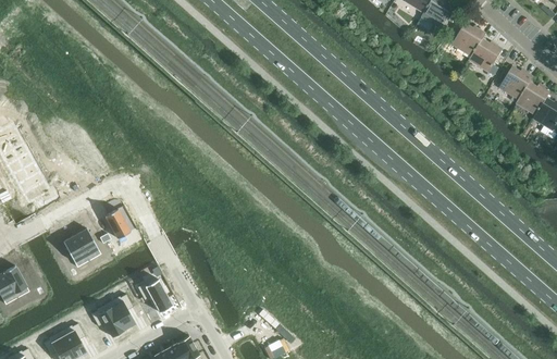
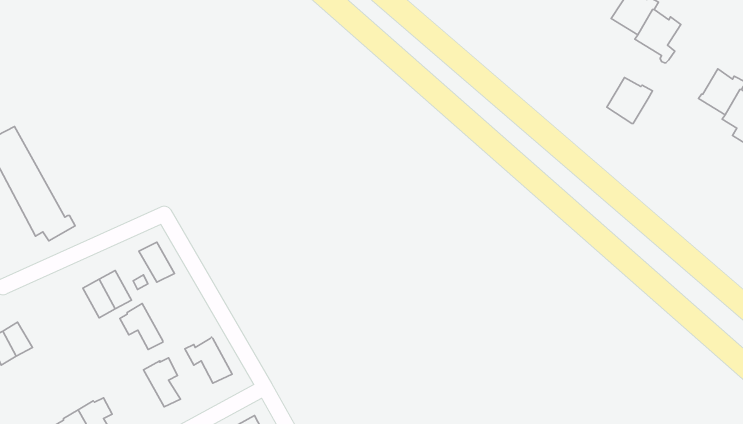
building: [499,66,533,100] -> [607,78,653,124]
building: [91,302,123,336] -> [120,304,163,350]

